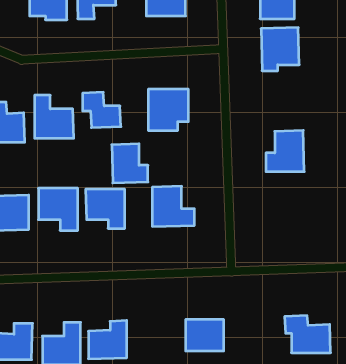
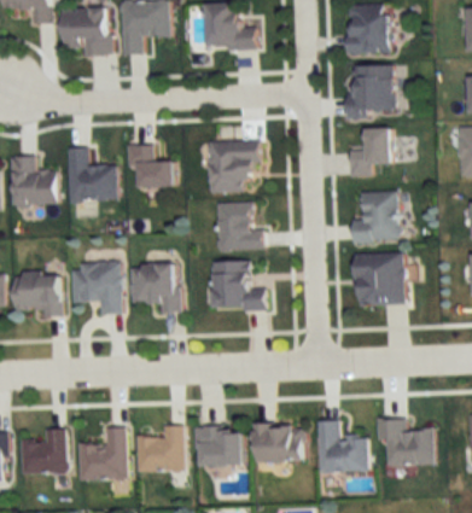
building: none -> [349,127,391,176]
building: [112,144,148,183] -> [217,202,262,250]
building: none -> [355,252,404,305]
building: none -> [316,420,365,472]
building: none -> [194,426,240,465]

